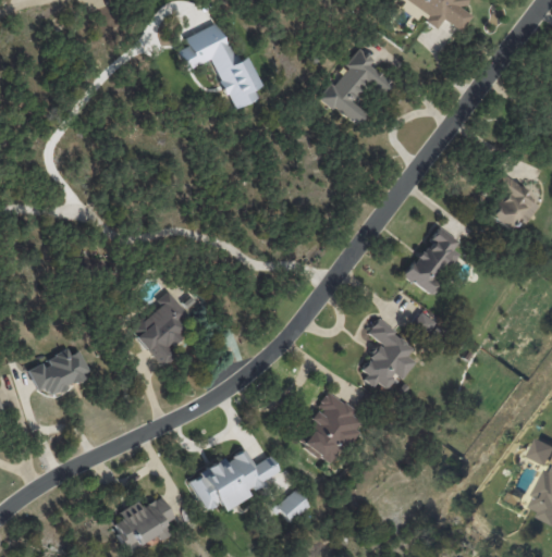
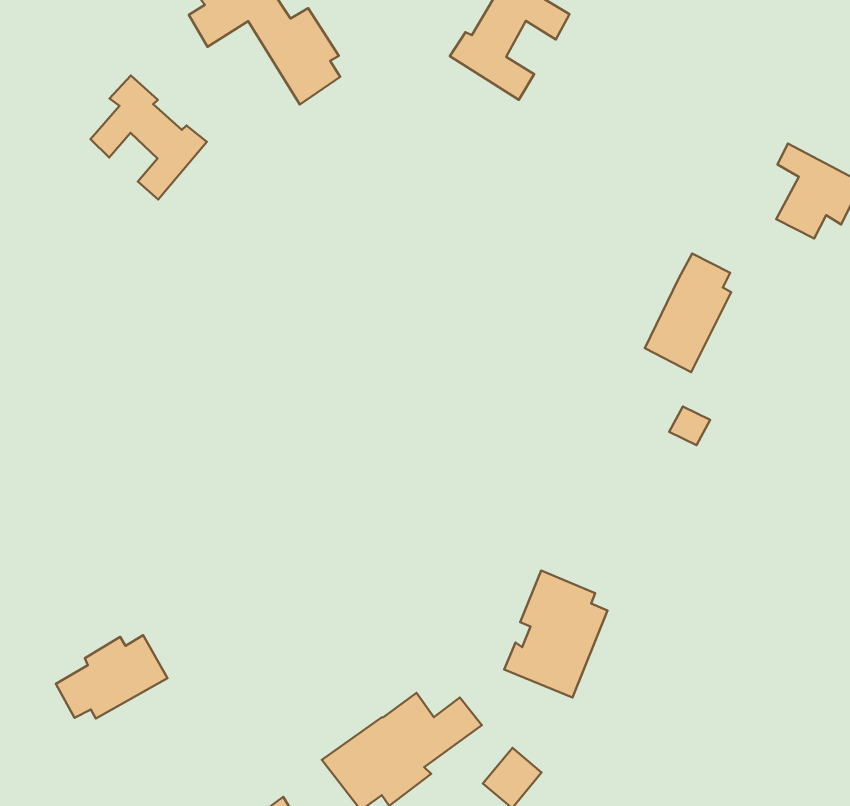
building: none -> [90,76,207,200]
building: [130,293,189,367] -> none
building: [360,321,415,389] -> none
building: [29,349,93,393] -> [56,635,167,718]

